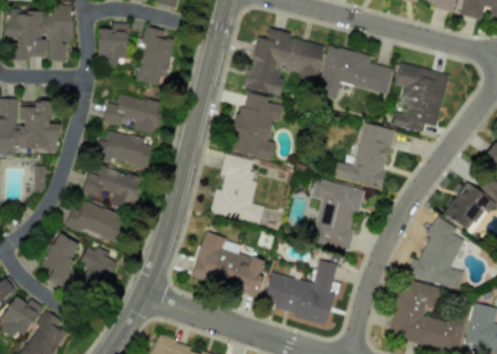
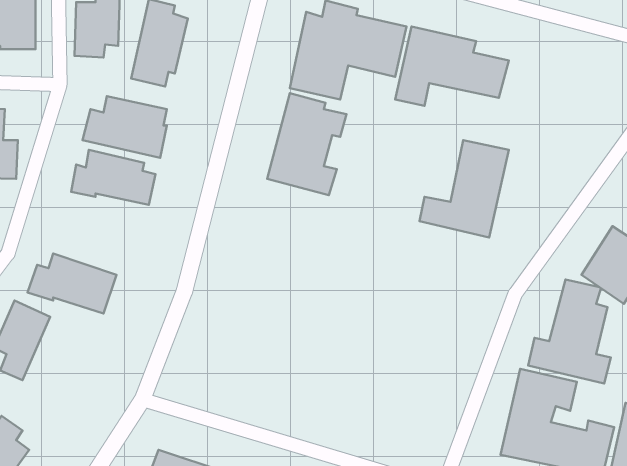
building: [392,63,448,133] -> none
building: [210,154,265,225] -> none
building: [81,165,143,209] -> none
building: [311,178,364,250] -> none
building: [191,232,266,295] -> none
building: [80,246,117,288] -> none
building: [263,259,338,325] -> none

